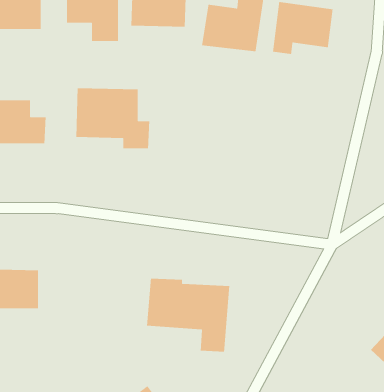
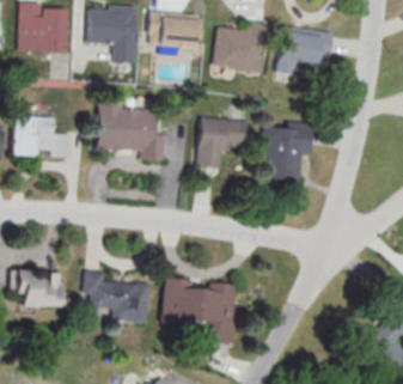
building: none -> [197,118,248,169]
building: none -> [259,122,310,182]
building: none -> [83,272,151,324]

